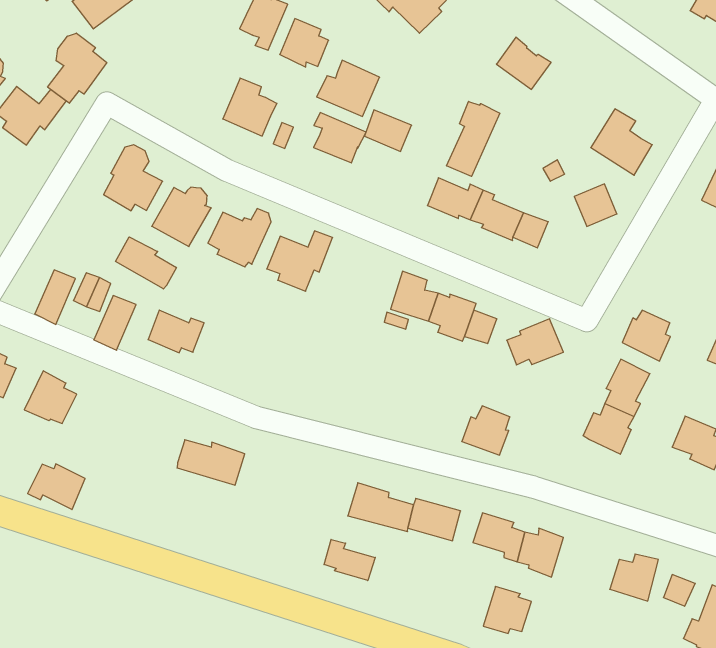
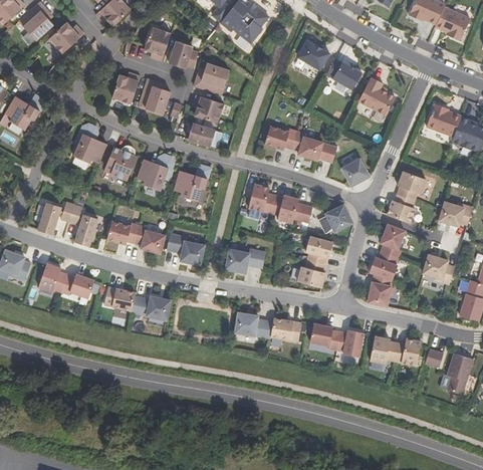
building: [48,33,107,103] -> none
building: none -> [111,73,140,103]
building: none -> [326,58,360,89]
building: [447,101,500,176] -> none
building: [365,110,412,151] -> [188,123,215,146]
building: [574,184,617,226] -> [341,159,368,185]
building: [116,237,176,289] -> none
building: none -> [397,170,426,200]
building: none -> [134,225,164,254]
building: none -> [166,233,204,264]
building: none -> [305,236,332,264]
building: none -> [225,248,264,272]
building: none -> [104,286,135,309]
building: none -> [367,273,393,306]
building: [28,464,85,510] -> [60,273,93,299]
building: [324,539,375,581] -> none
building: [483,586,531,633] -> [370,335,397,363]

